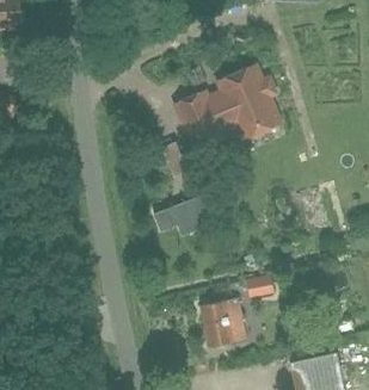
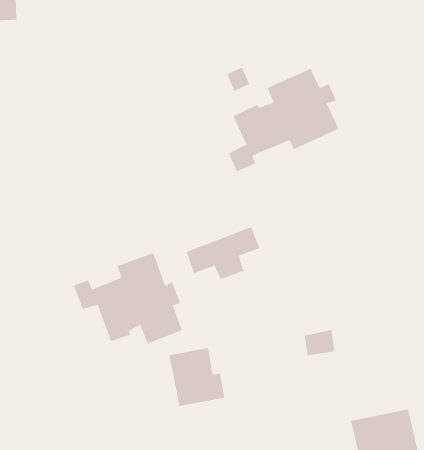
building: none -> [73,252,183,344]
building: [199,299,245,347] -> [168,347,225,407]

